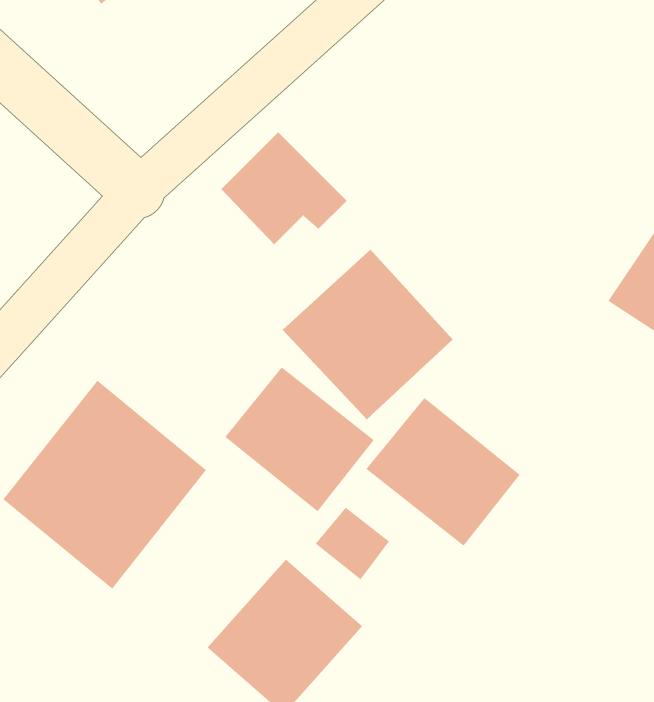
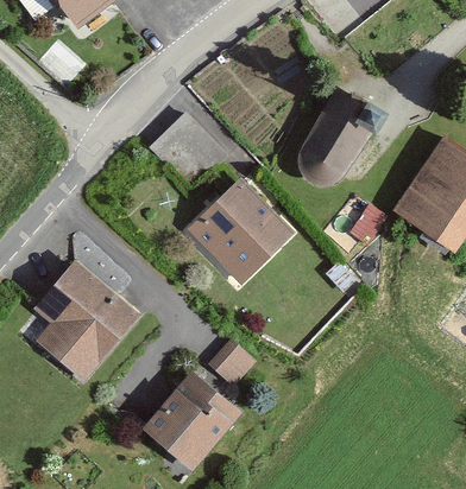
building: none -> [297,90,396,185]
building: [224,367,375,512] -> none
building: [366,397,520,546] -> none

